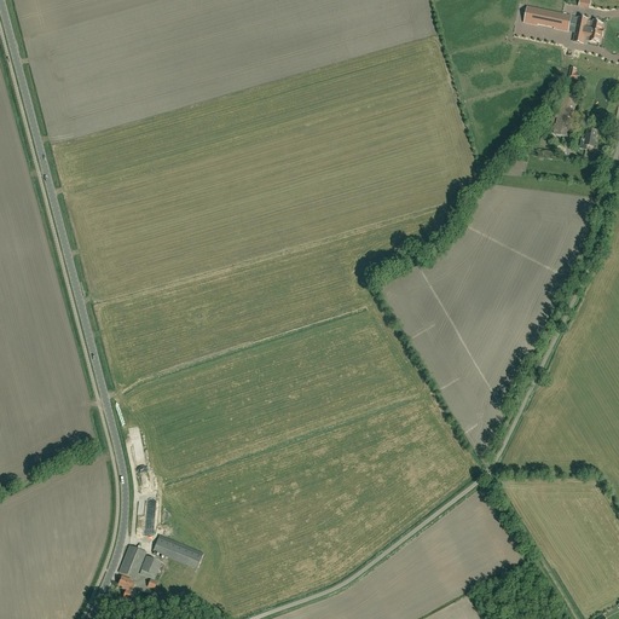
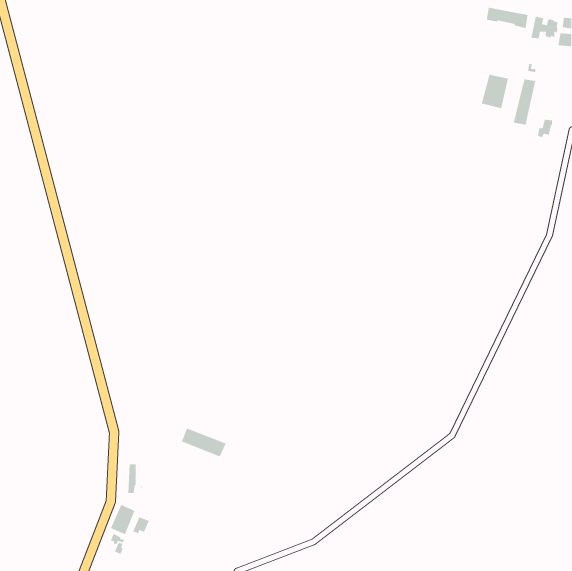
building: none -> [481,74,509,109]
building: [154,534,203,567] -> [181,427,227,458]

